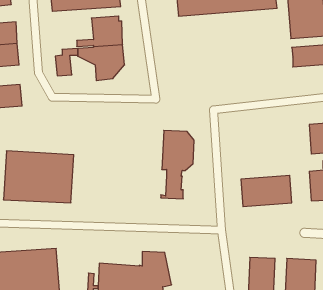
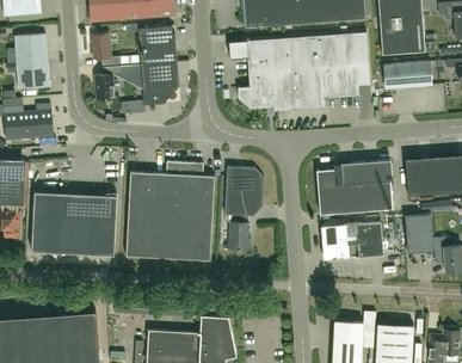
building: none -> [229,33,370,112]
building: none -> [92,35,121,66]
building: none -> [316,160,393,215]
building: none -> [127,162,215,262]

